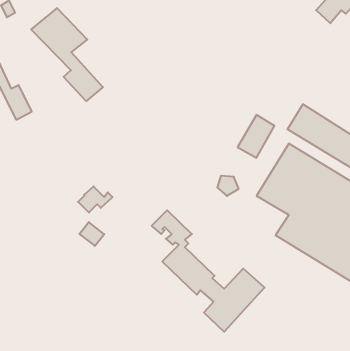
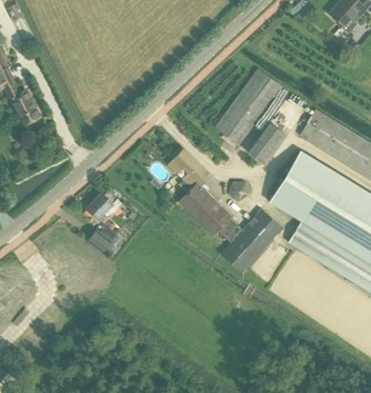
building: [31,8,103,101] -> none
building: none -> [215,69,281,144]
building: [152,210,265,332] -> [167,149,282,273]

